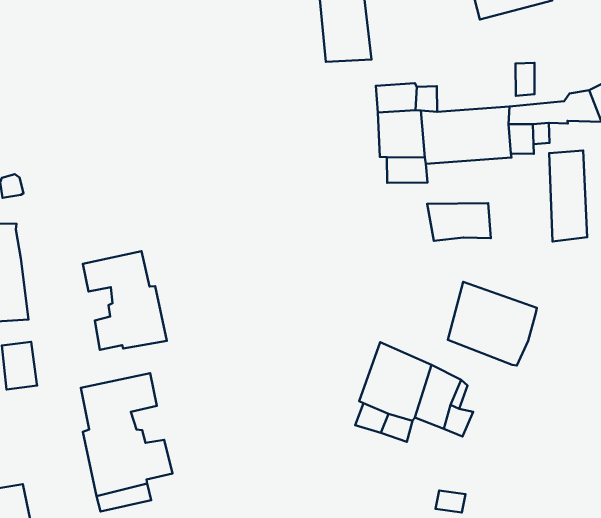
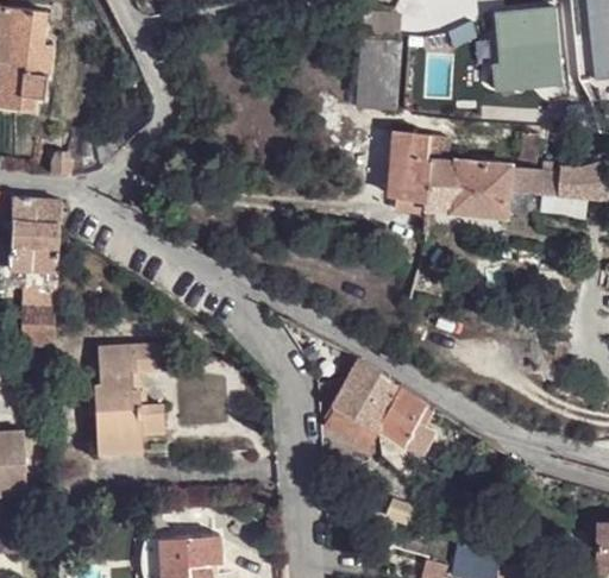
building: [549,151,587,241] -> none
building: [427,203,491,241] -> none
building: [83,251,167,350] -> none
building: [448,282,537,365] -> none

